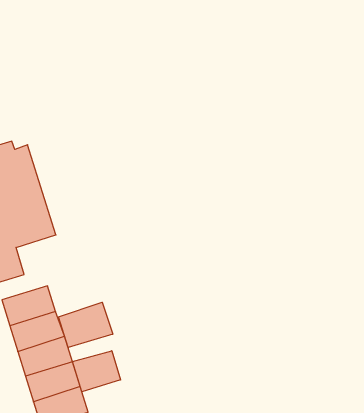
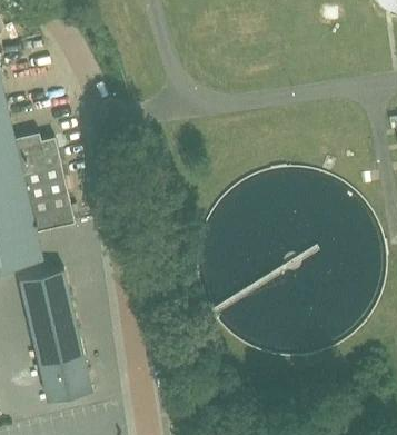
building: [58,302,113,348] -> none
building: [73,351,121,392] -> none

